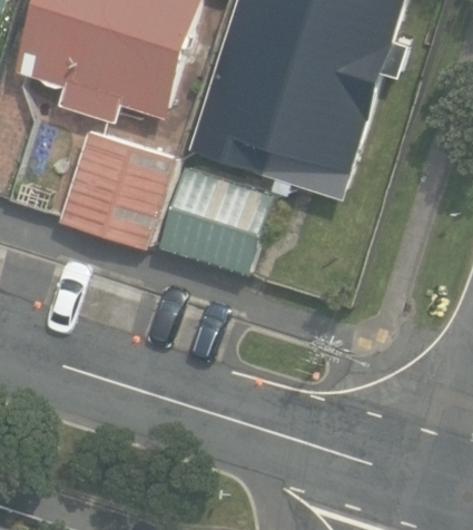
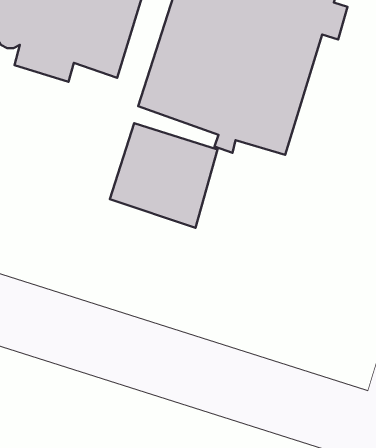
building: [57,129,175,249] -> none

